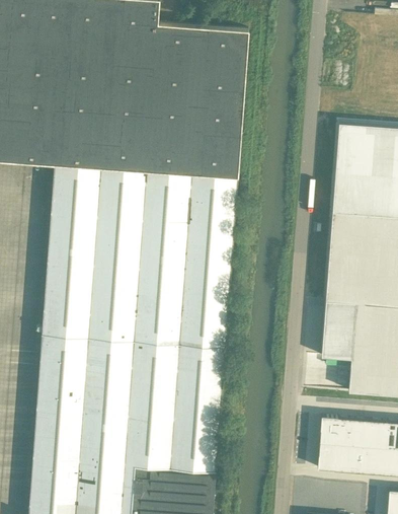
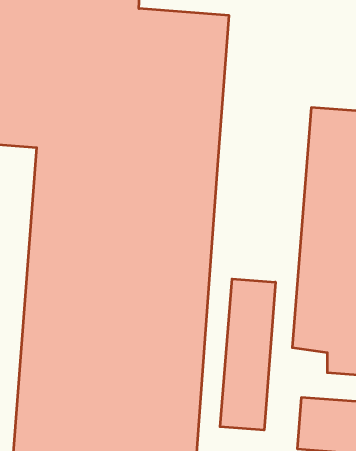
building: none -> [220,279,275,430]

